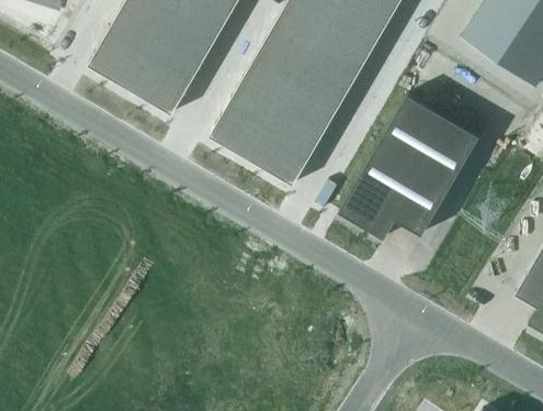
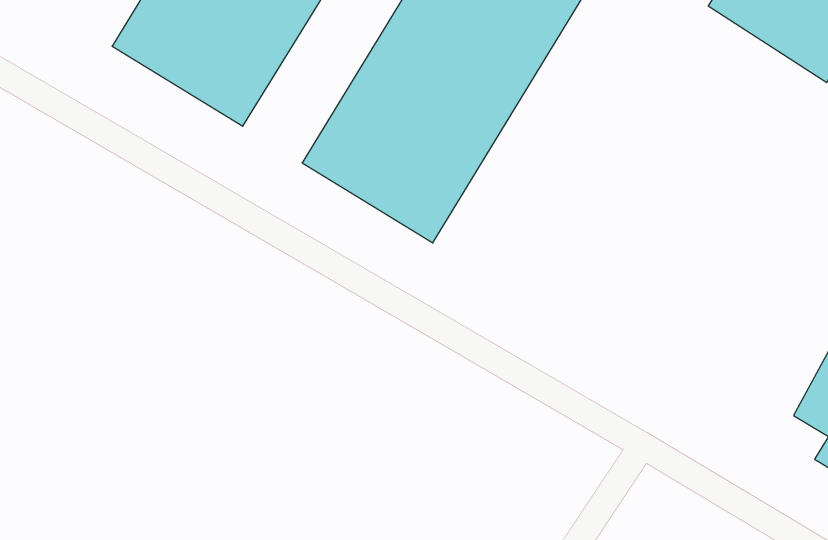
building: [340,93,480,238] -> none

